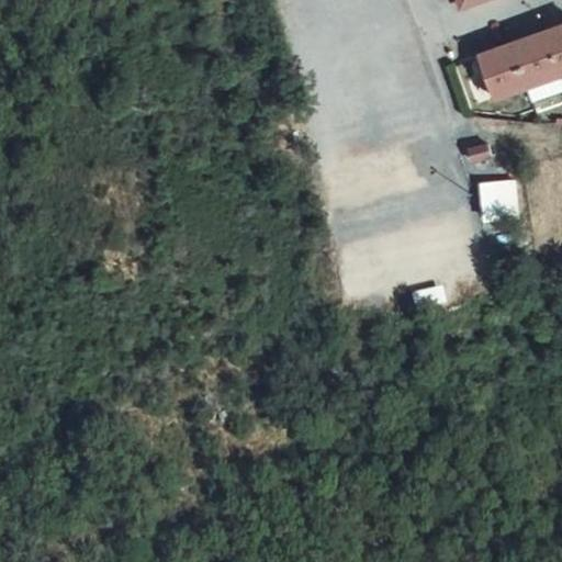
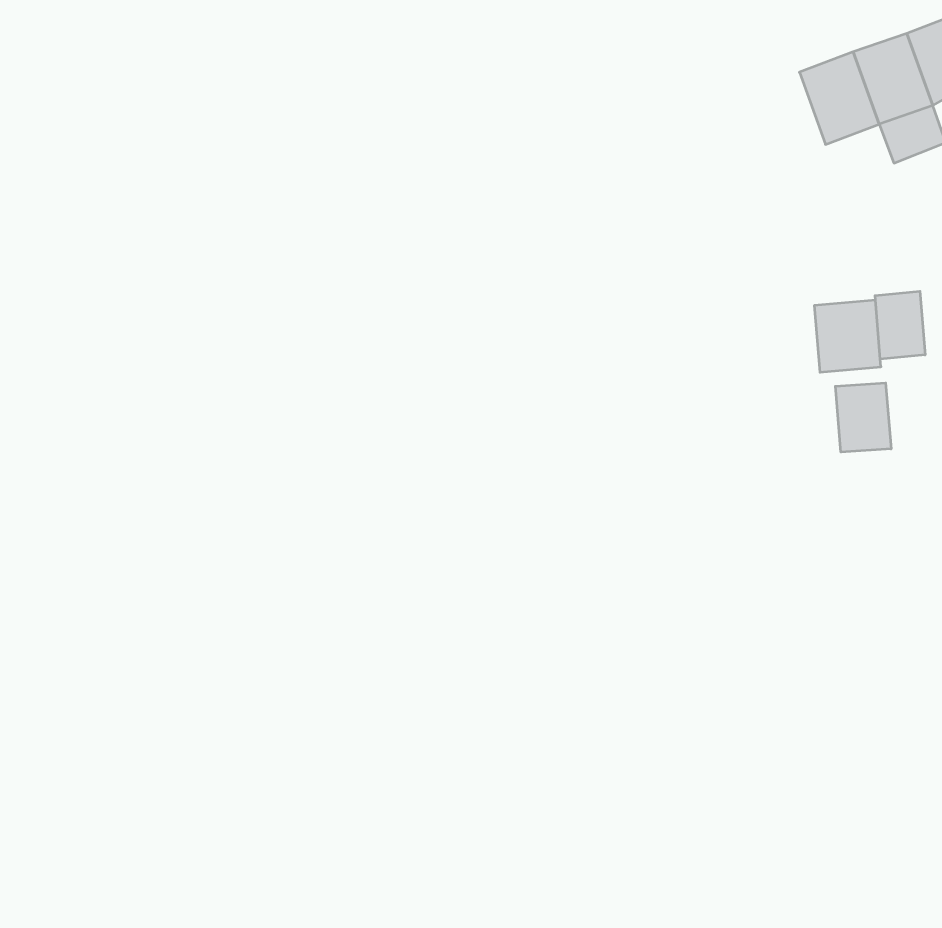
building: none -> [875,291,925,359]
building: none -> [835,383,891,452]

